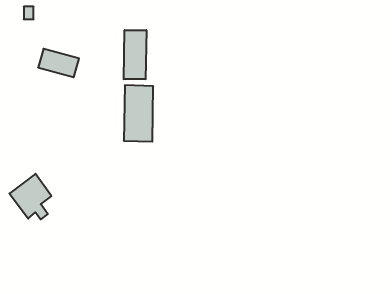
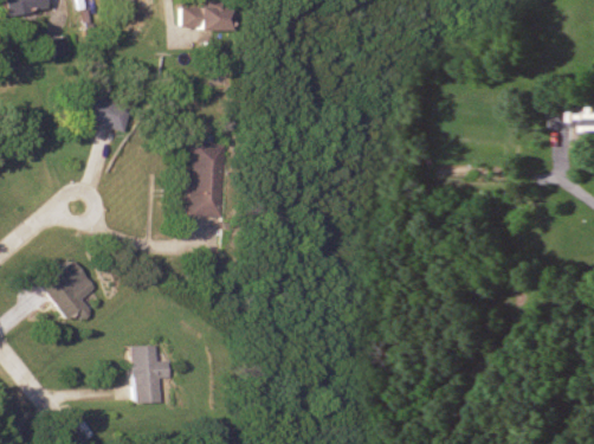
building: [124,30,146,79] -> none
building: none -> [130,346,170,404]

